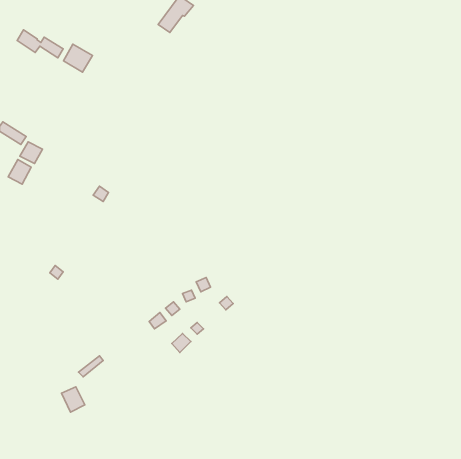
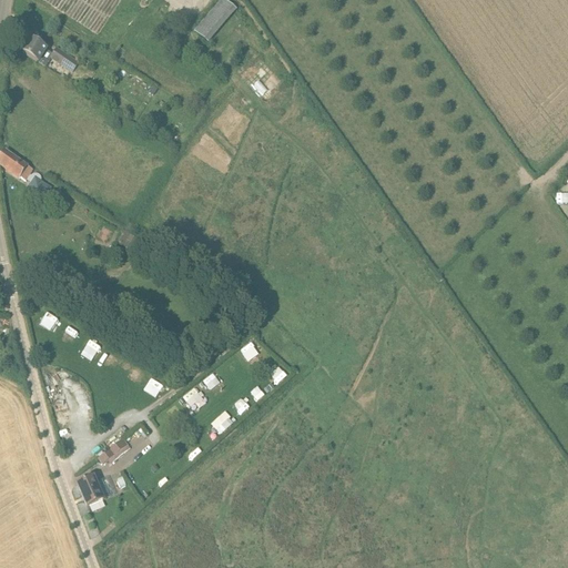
building: [64,44,92,72] -> none
building: [8,160,31,184] -> none

